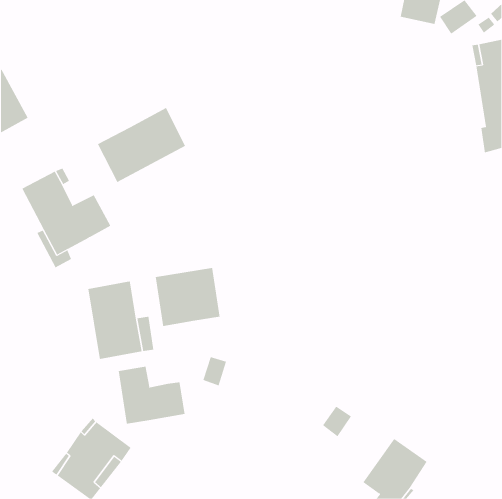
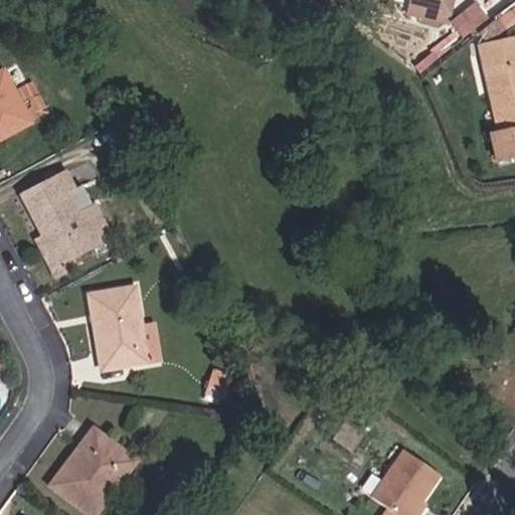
building: [97,107,186,183] -> none
building: [155,267,220,327] -> none
building: [118,366,185,425] -> none

